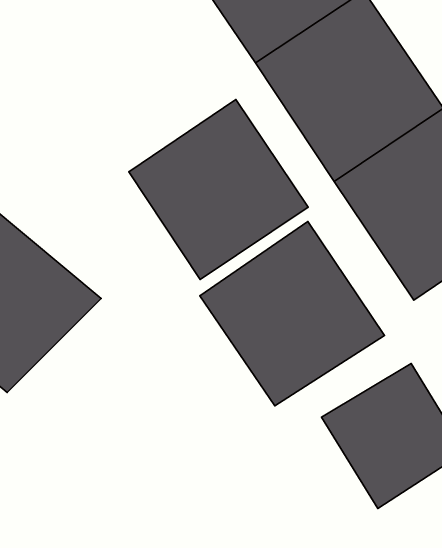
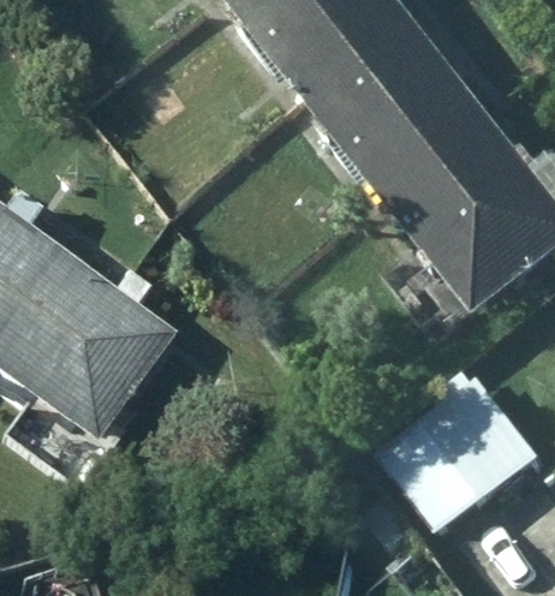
building: [129,99,308,279] -> none
building: [200,221,385,406] -> none

